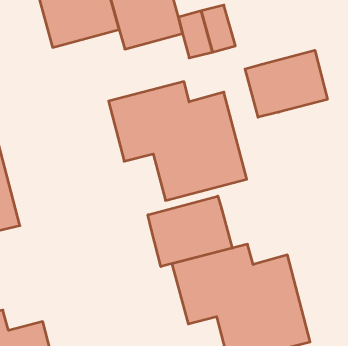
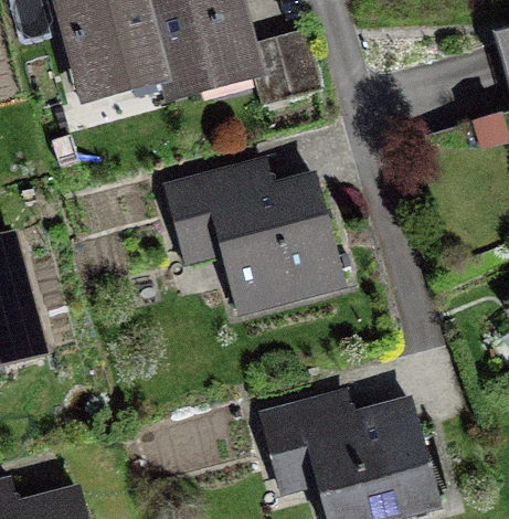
building: [245,50,327,117] -> none
building: [148,196,232,267] -> none

